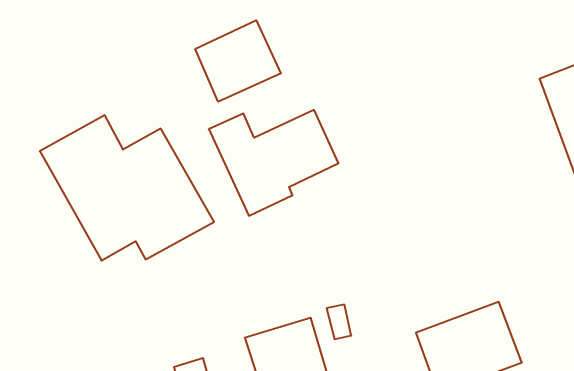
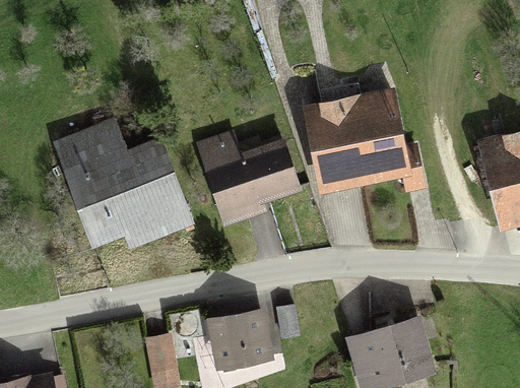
building: [195,20,281,102] -> none
building: none -> [306,91,421,189]

